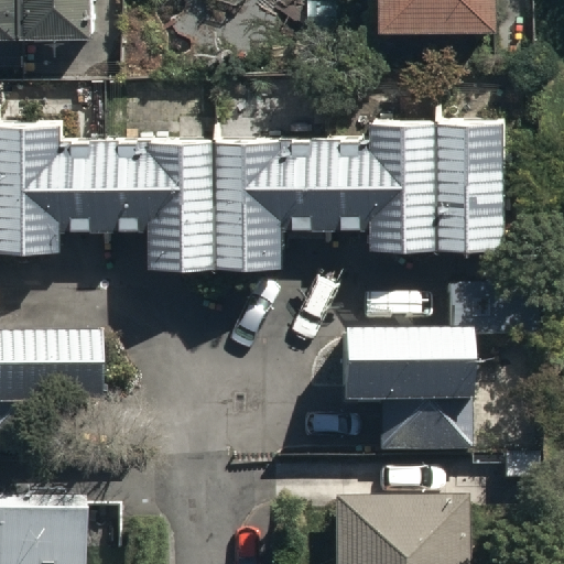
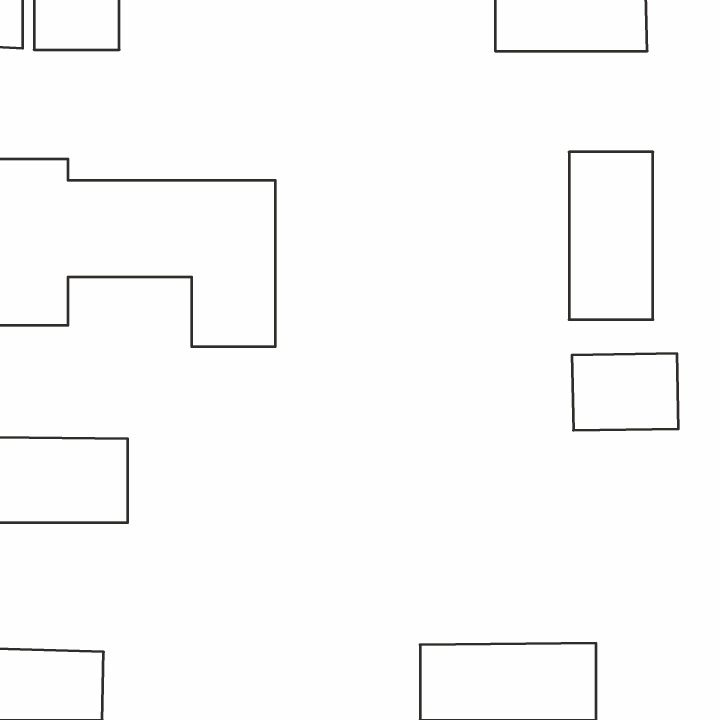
building: [217,118,438,270] -> none
building: [338,336,463,453] -> none

